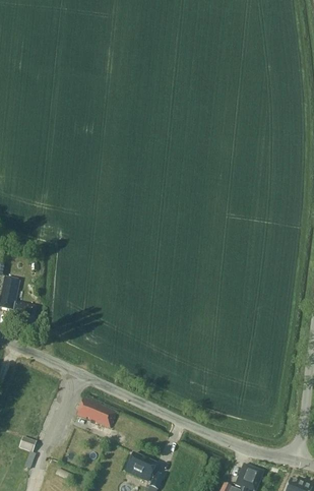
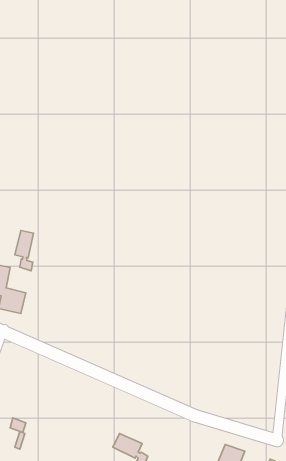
building: none -> [15,230,34,271]
building: [75,398,115,427] -> none

